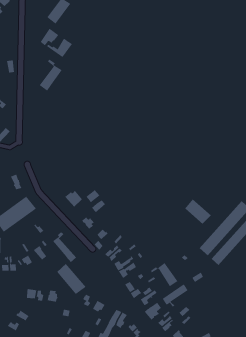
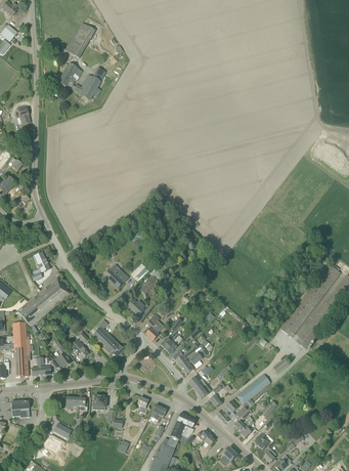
building: [39,59,62,91] -> none
building: [185,199,212,224] -> none
building: [150,262,178,287] -> none
building: [56,263,86,295] -> none

